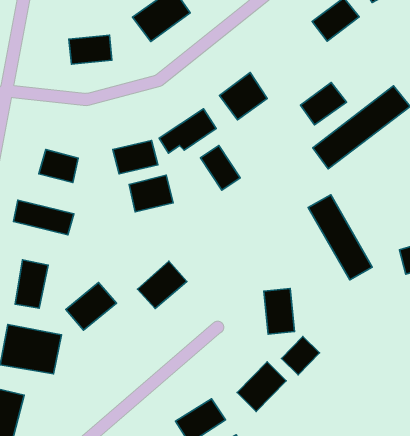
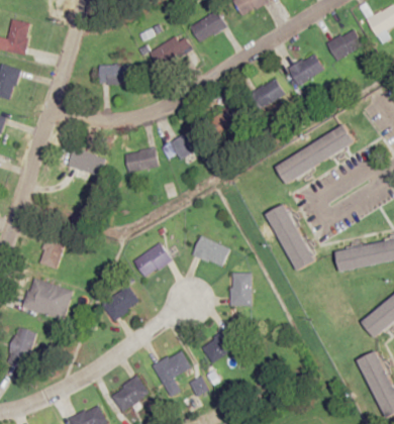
building: [301,82,346,125] -> [249,79,284,110]
building: [200,145,240,190] -> none
building: [129,175,173,212] -> none
building: [13,200,74,235] -> none
building: none -> [192,236,229,268]
building: [66,282,116,330] -> [100,286,139,321]
building: [281,336,320,375] -> none

